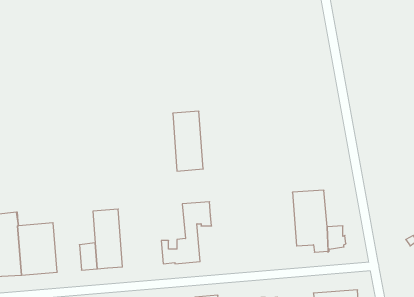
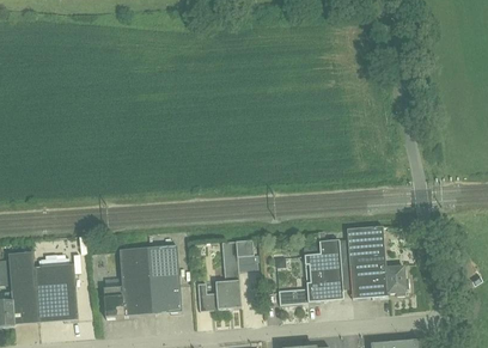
building: [173,111,203,171] -> [147,244,182,312]
building: none -> [276,239,342,304]

